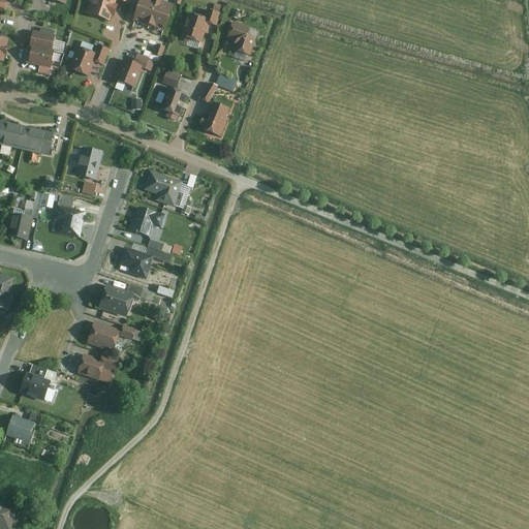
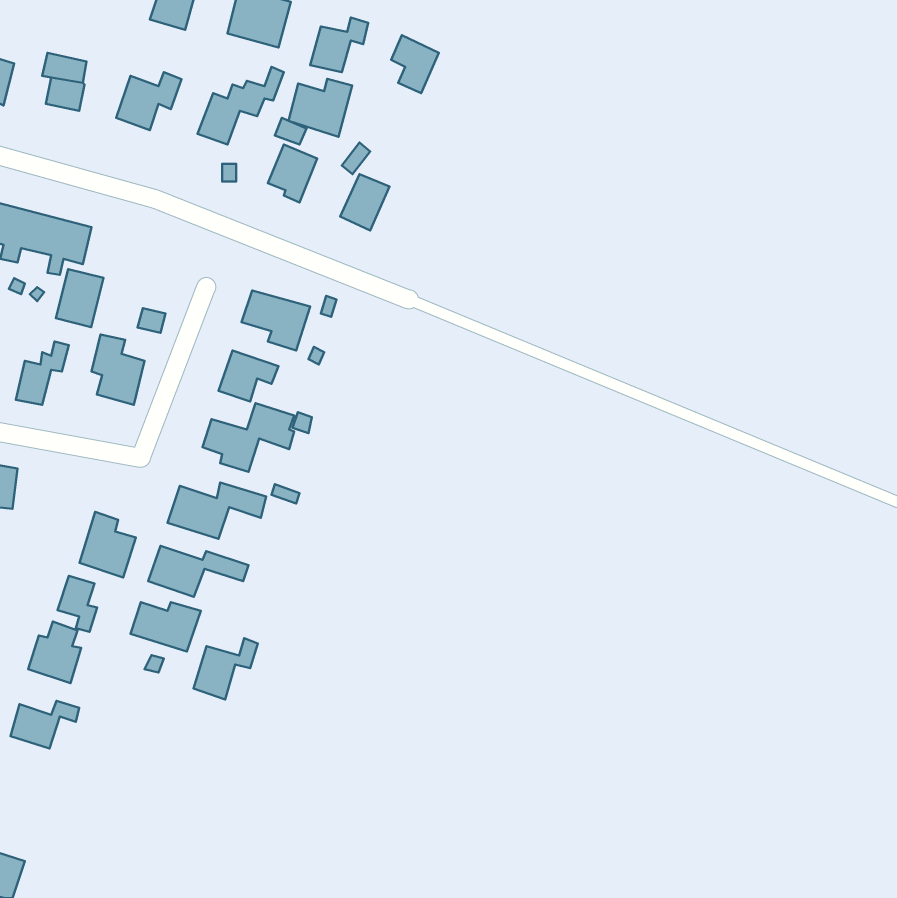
building: none -> [288,79,352,137]
building: [74,145,102,179] -> [56,269,103,327]
building: none -> [79,512,136,577]
building: none -> [57,576,97,632]
building: none -> [194,638,258,699]

